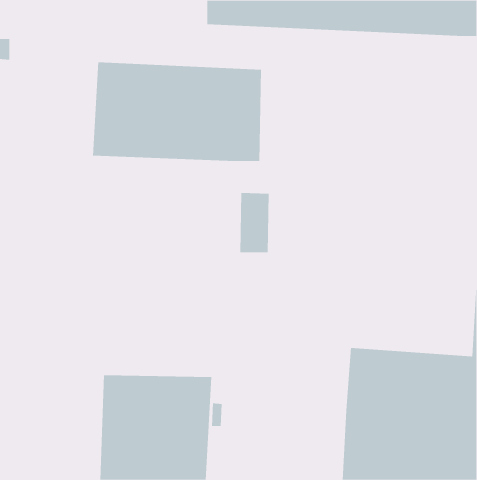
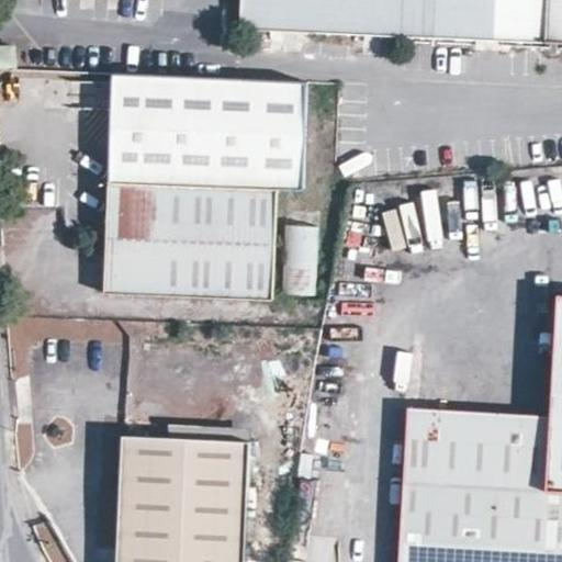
building: none -> [103,182,276,299]

